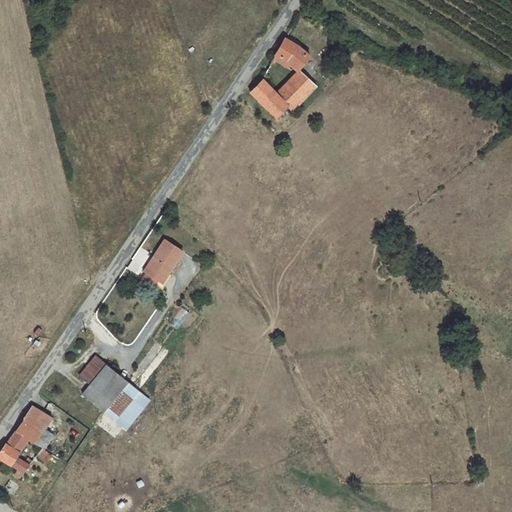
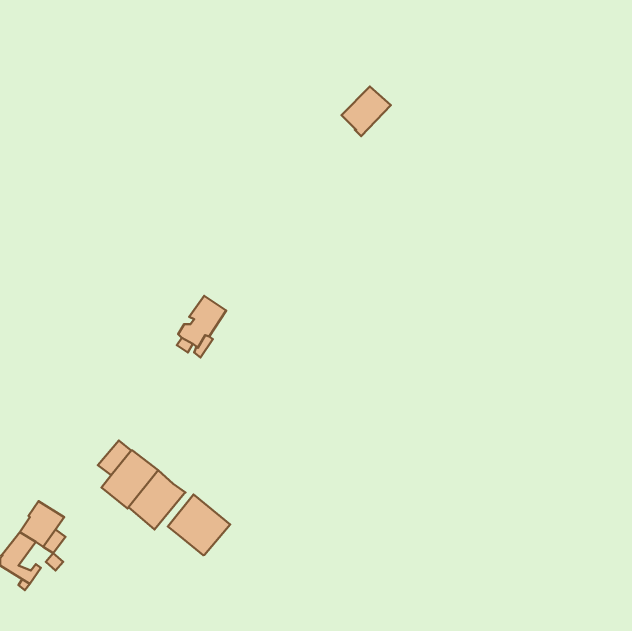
building: [274,38,310,70] -> none
building: [251,79,288,117] -> none
building: none -> [168,495,230,555]

